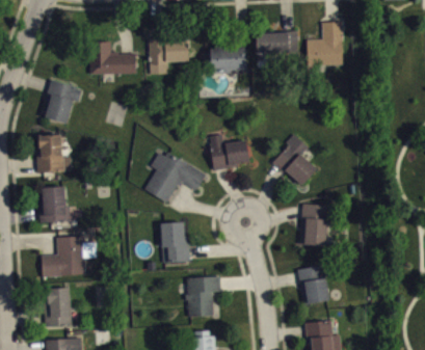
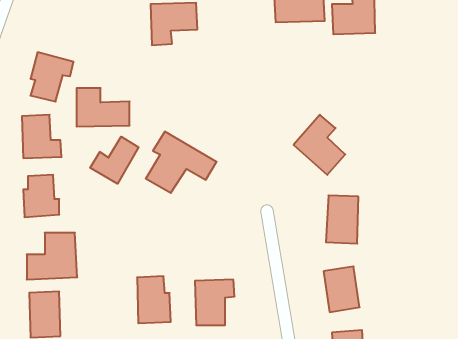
building: [90,41,136,74] -> [77,88,130,127]
building: [211,47,246,72] -> none
building: [210,134,249,168] -> none
building: none -> [90,137,139,184]
building: [161,221,190,262] -> [137,276,171,323]

